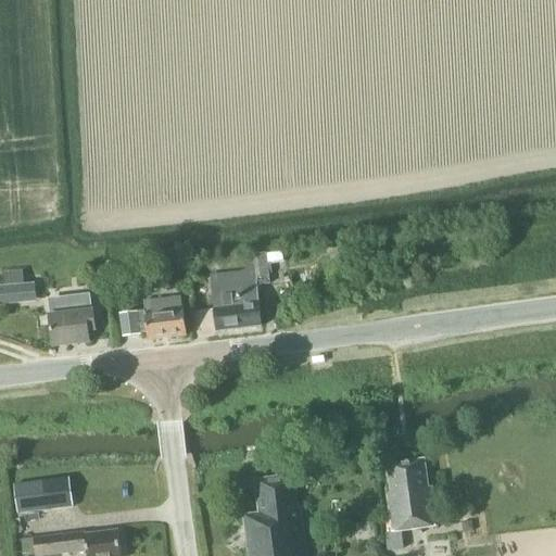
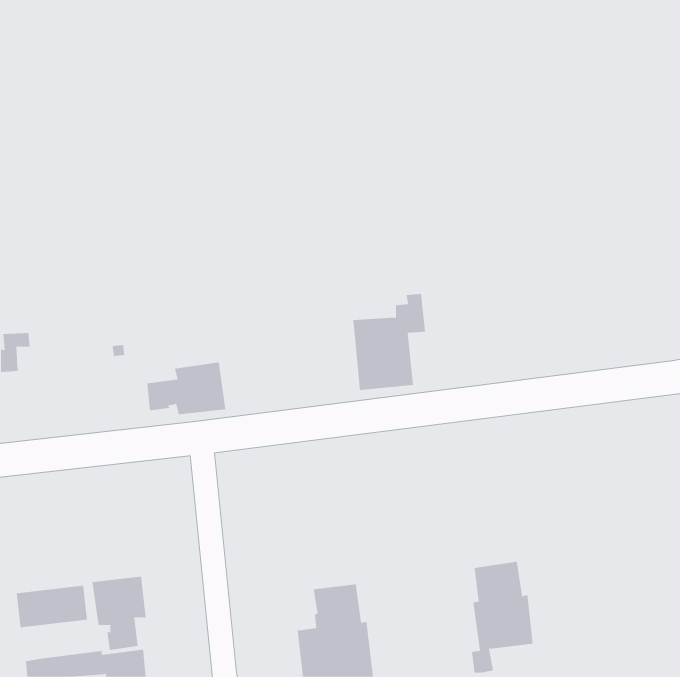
building: [210,252,269,331] -> [353,293,426,390]
building: [49,295,94,343] -> none
building: none -> [92,576,146,651]

